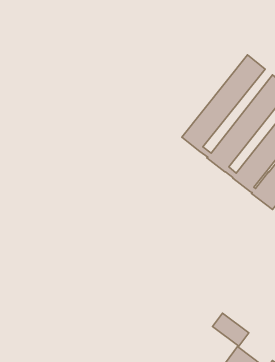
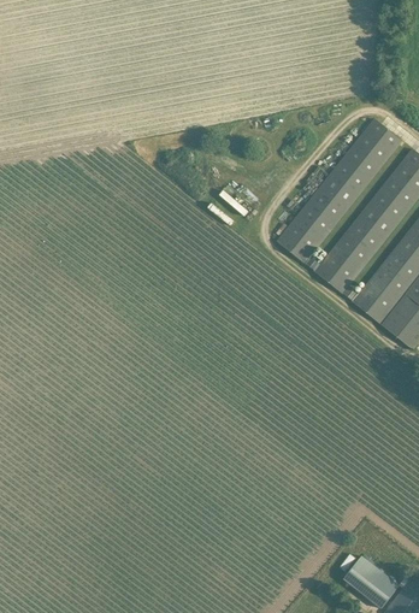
building: [213,313,249,346] -> none

